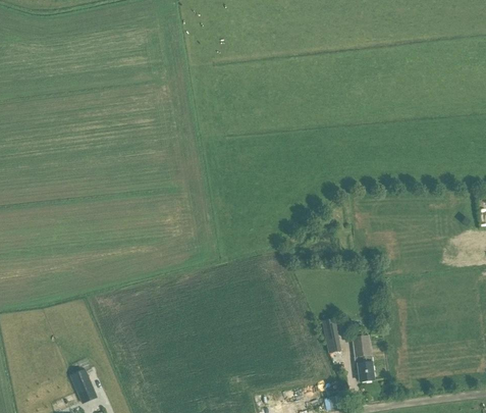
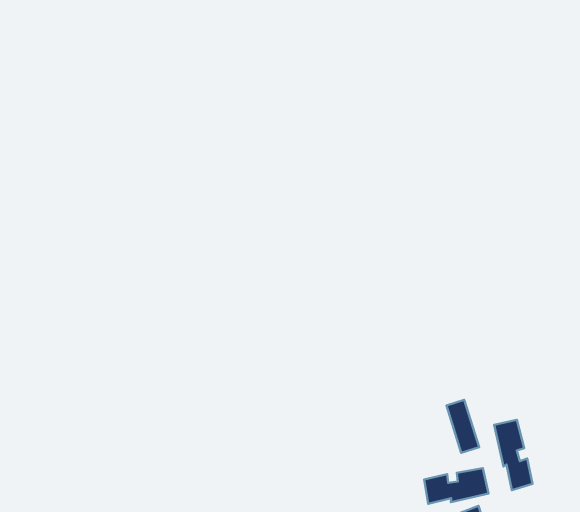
building: none -> [424,468,489,504]

